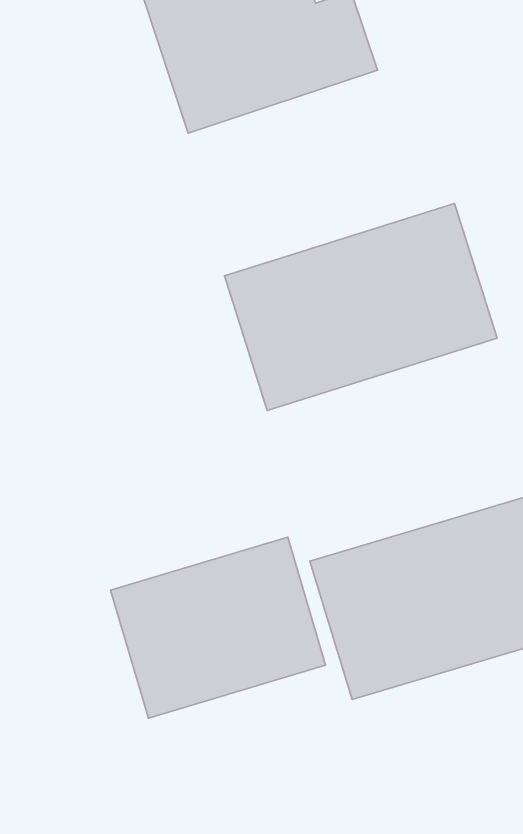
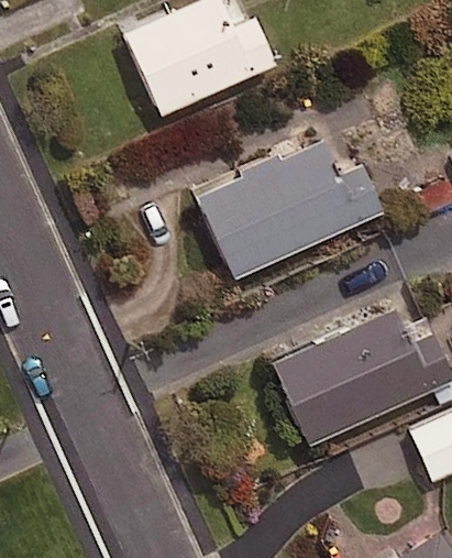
building: [111,537,326,718] -> none

